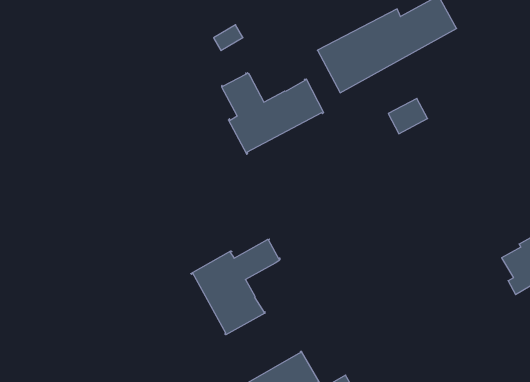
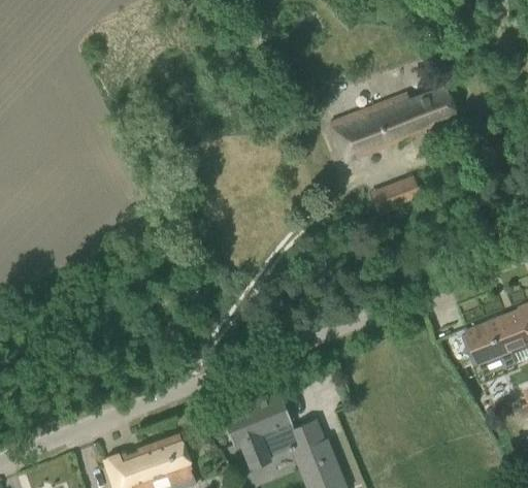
building: [222,73,324,154] -> none
building: [191,239,280,335] -> none

